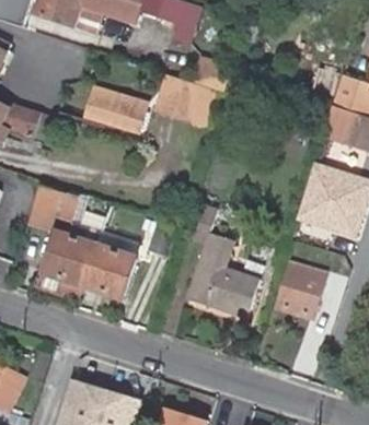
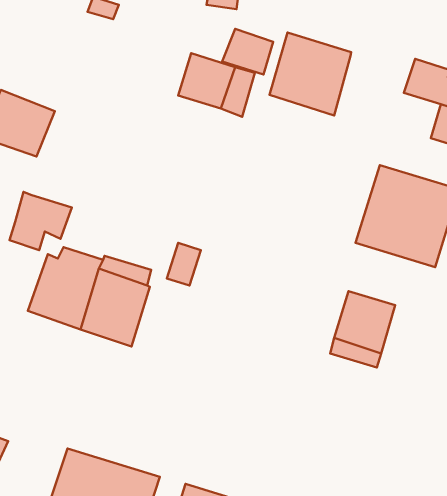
building: none -> [269,32,351,115]
building: [88,93,142,131] -> none
building: [176,200,256,318] -> none

